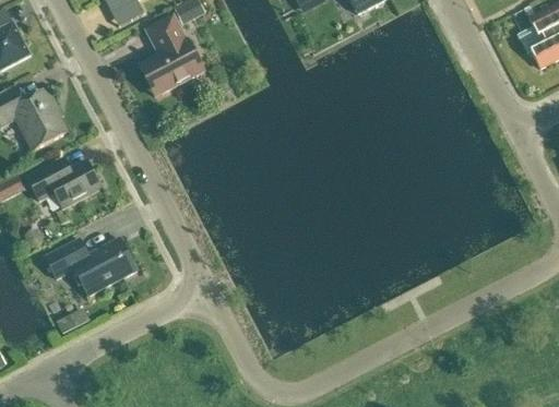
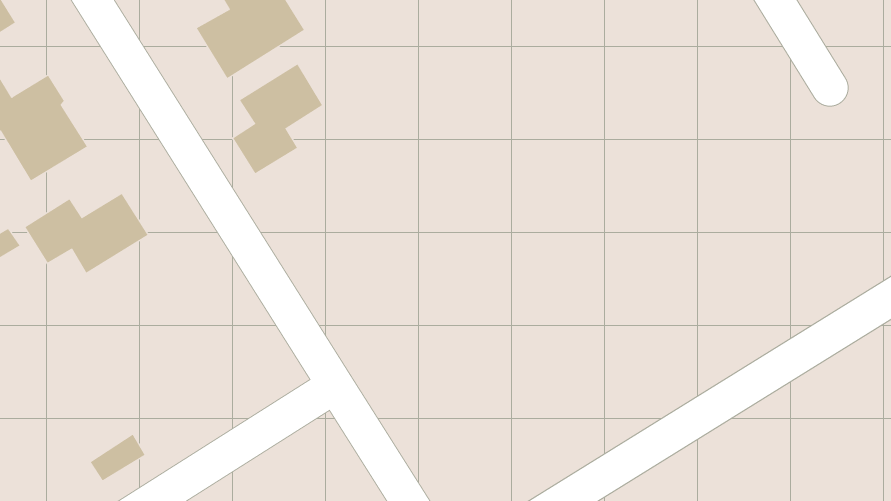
building: none -> [233,63,323,174]
building: [44,237,135,295] -> none

